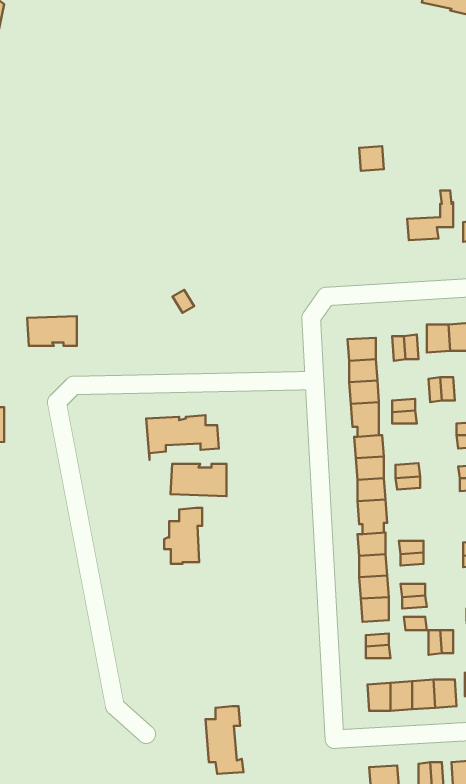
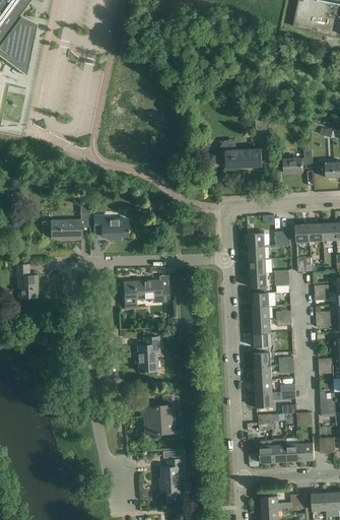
building: none -> [225,147,263,168]
building: none -> [94,215,129,240]
building: [170,464,227,496] -> none
building: none -> [141,394,179,434]

